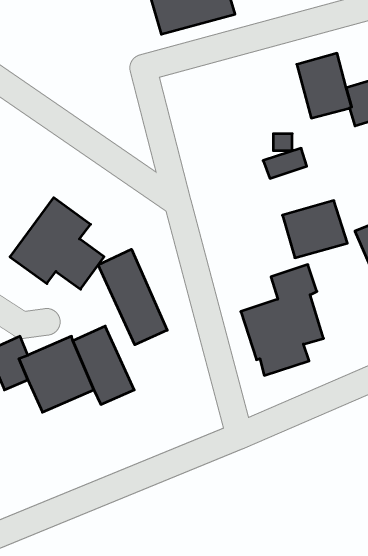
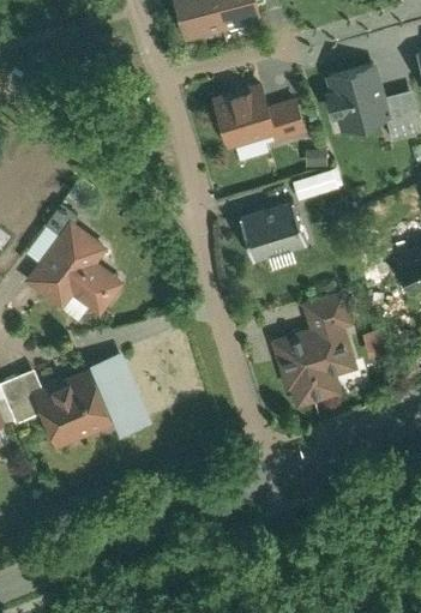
building: none -> [209,82,308,151]
building: [282,201,347,258] -> [237,200,307,262]
building: [98,249,167,345] -> none

